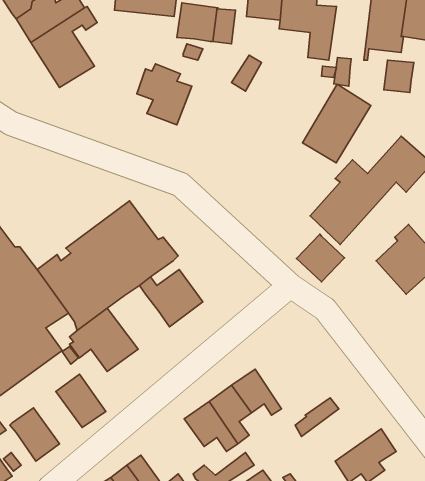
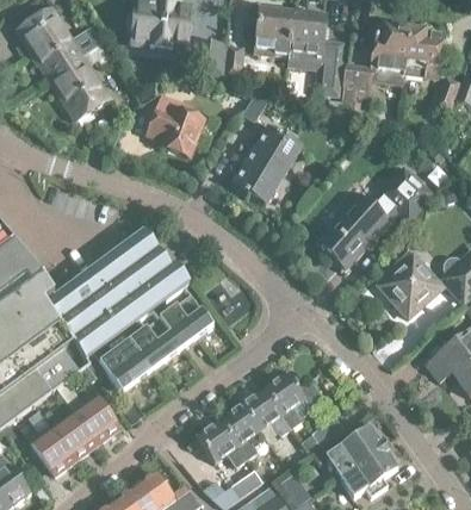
building: [384,60,414,92] -> [342,62,371,93]
building: [302,84,371,163] -> [235,126,300,201]
building: [297,234,345,282] -> none
building: none -> [122,317,181,369]
building: none -> [264,373,322,429]
building: none -> [51,410,98,460]
building: none -> [326,425,384,477]

